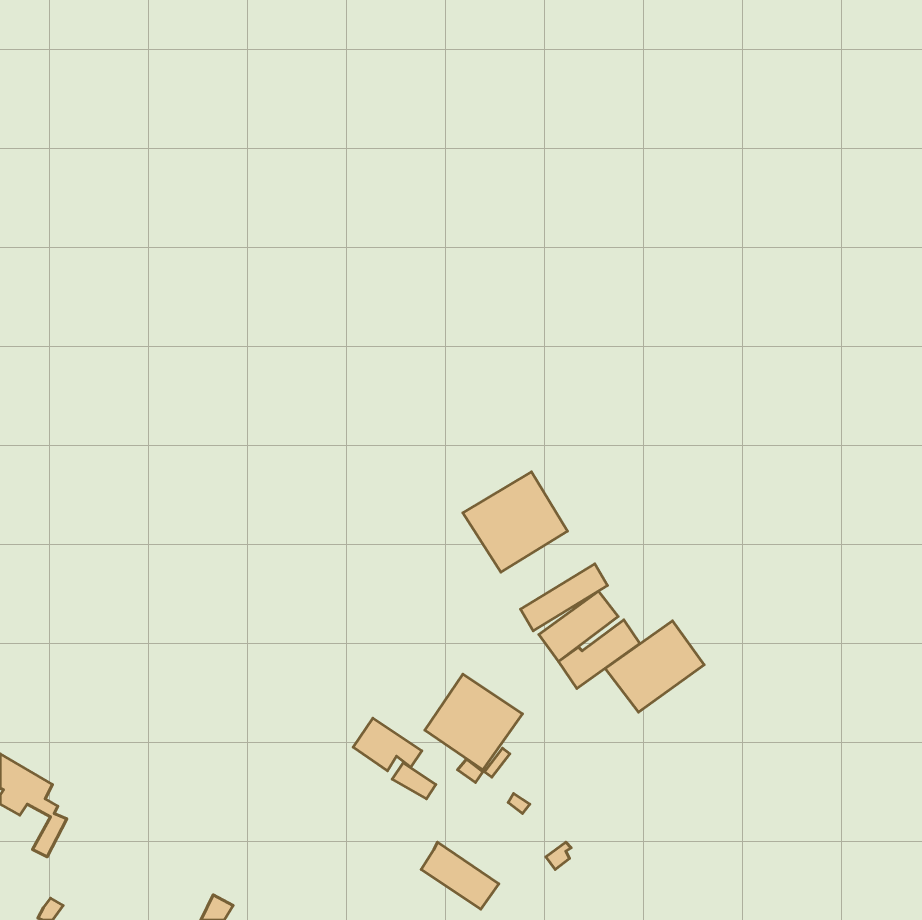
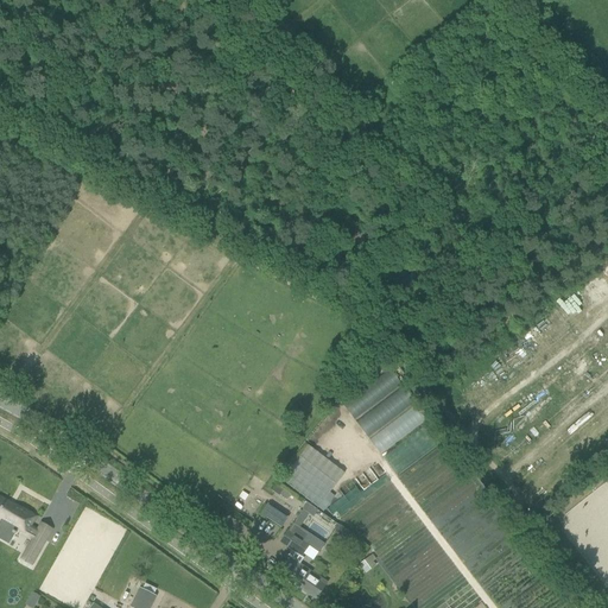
building: [463,472,568,572] -> none
building: [605,621,704,712] -> none
building: [353,718,422,771] -> [281,521,327,556]

